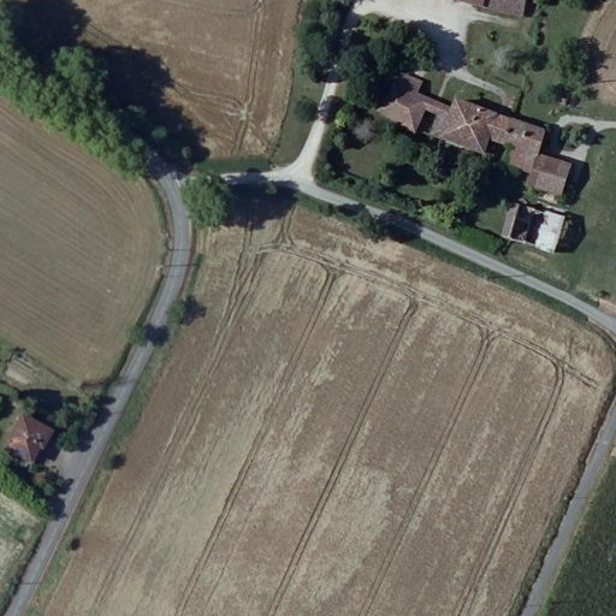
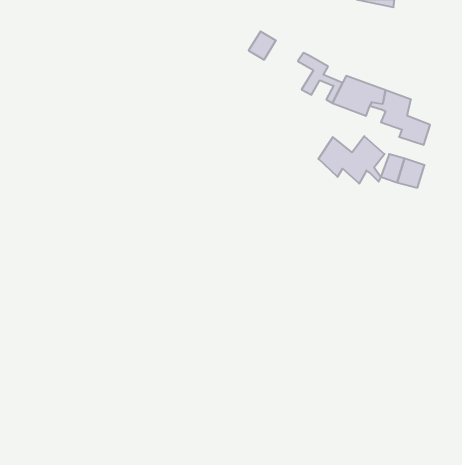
building: [378,81,414,118] -> [249,31,276,60]
building: none -> [318,136,385,184]
building: [11,416,57,458] -> none

